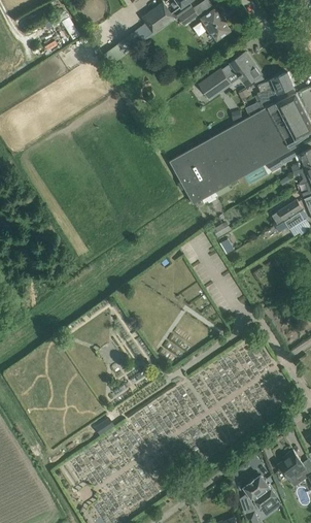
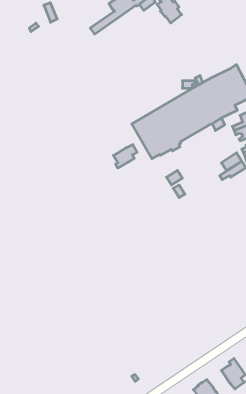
building: [199,52,260,98] -> none
building: [256,72,292,108] -> none
building: none -> [113,145,137,168]

